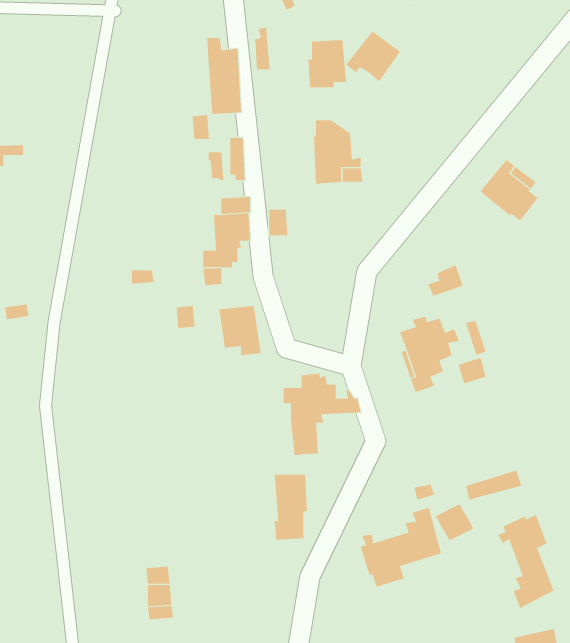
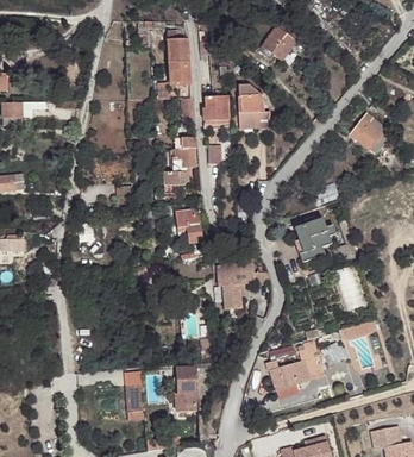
building: [308,40,347,88] -> [203,95,230,127]
building: [274,474,308,540] -> [176,367,199,411]
building: [498,514,554,609] -> none

